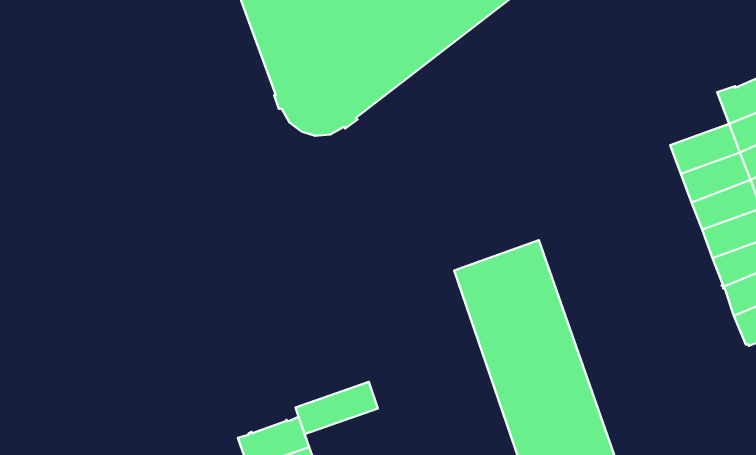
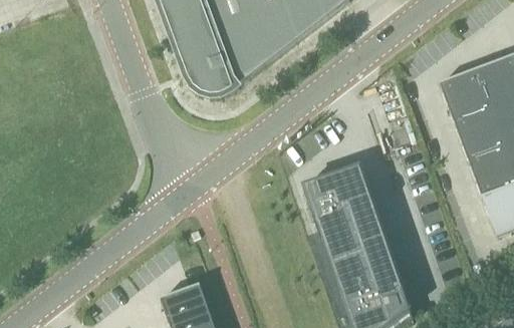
building: none -> [439,66,486,101]
building: [296,382,378,434] -> none

